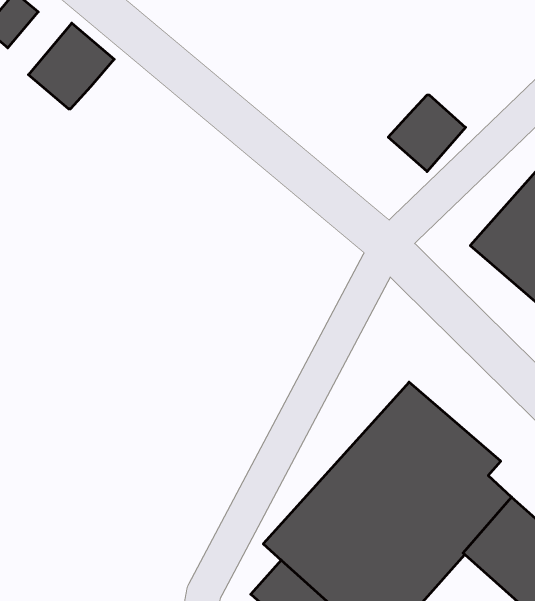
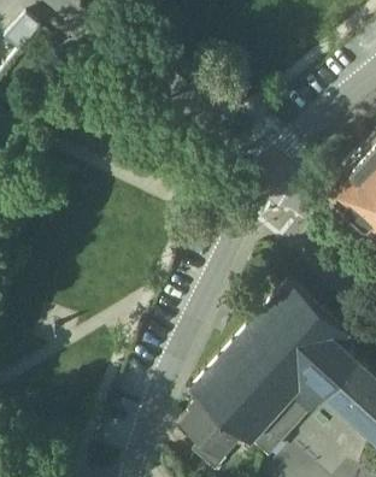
building: [28,23,114,109] -> none
building: [388,95,466,172] -> none

